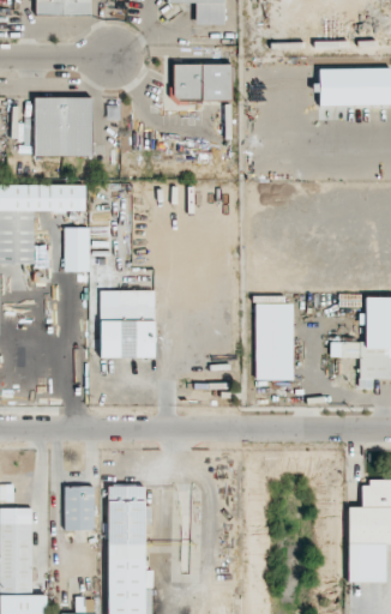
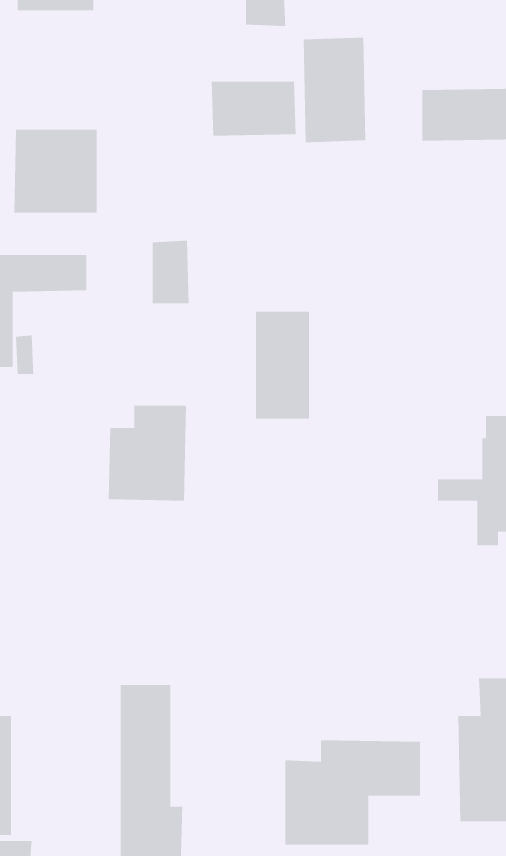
building: none -> [303,37,366,143]
building: [64,227,90,271] -> [152,240,190,304]
building: [255,303,294,379] -> [255,311,310,419]
building: [64,486,95,530] -> none
building: none -> [285,739,420,845]

